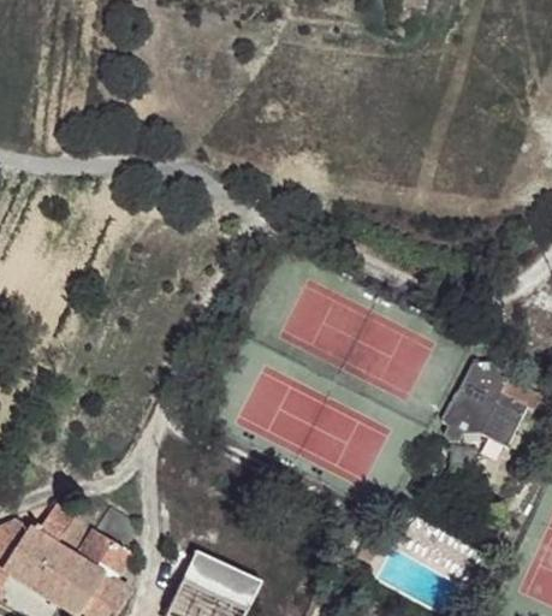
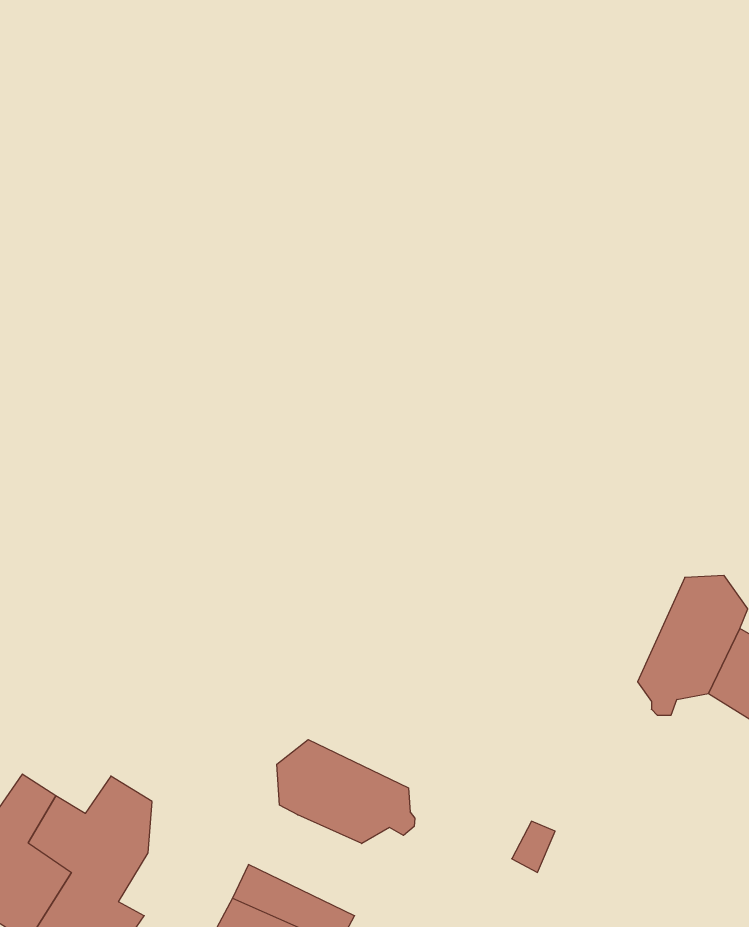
building: none -> [277,740,415,844]

